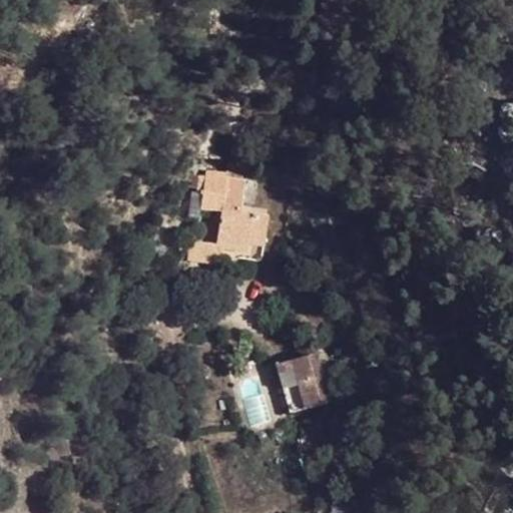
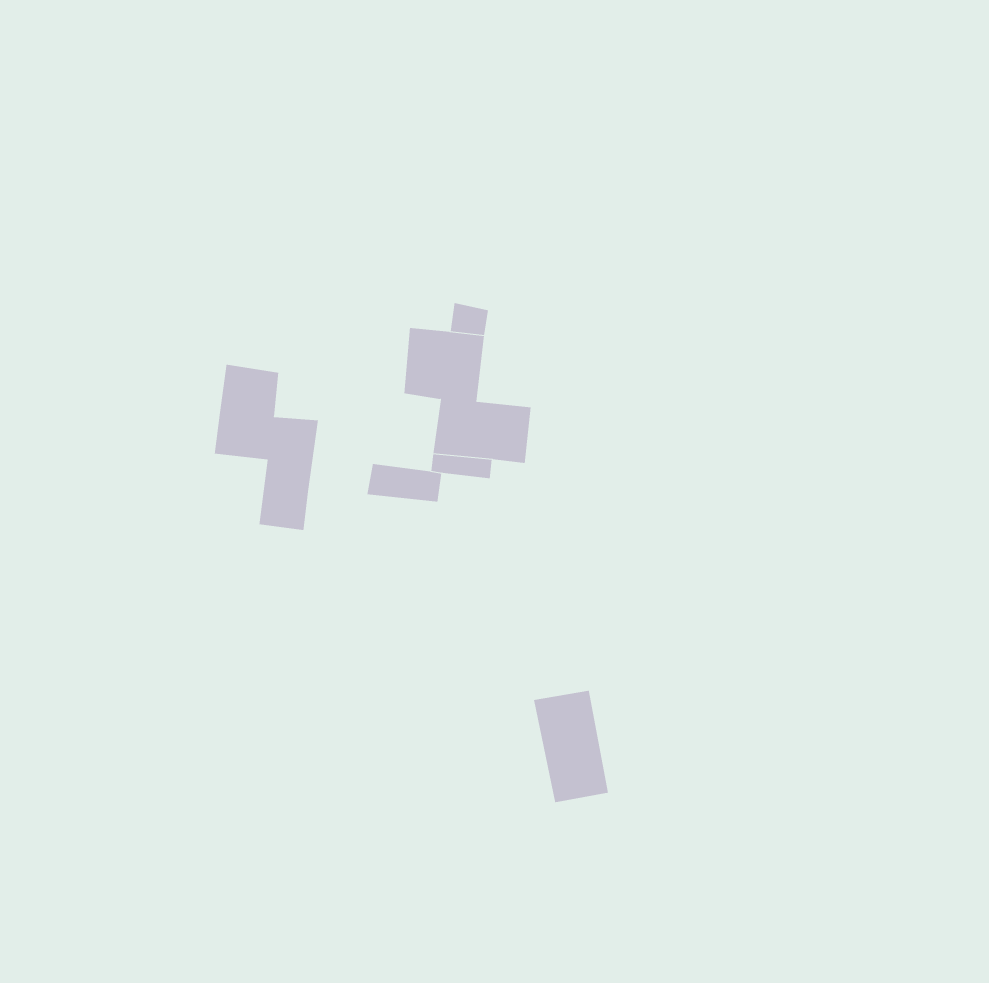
building: none -> [214,364,318,531]

